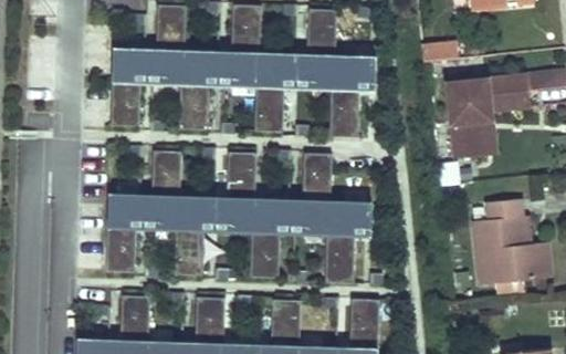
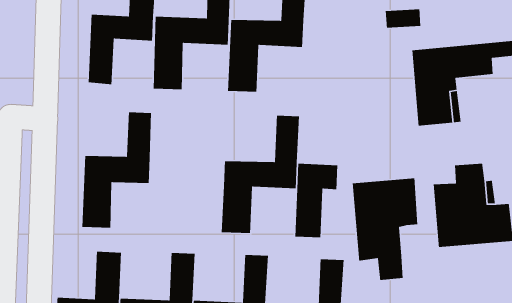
building: [333,53,378,133] -> none
building: [171,148,254,272] -> none
building: none -> [352,177,418,281]

